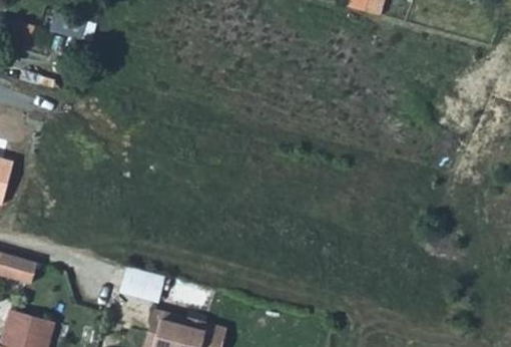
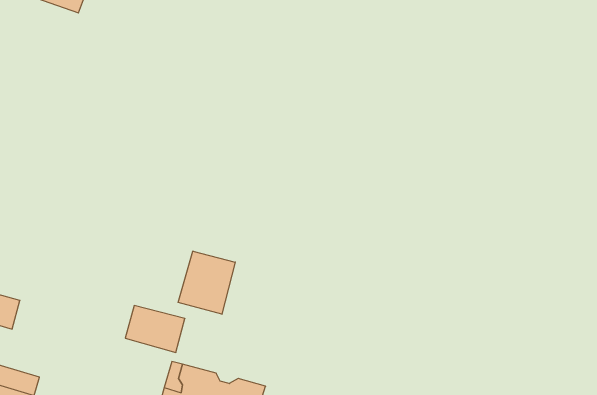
building: none -> [178,251,235,314]

